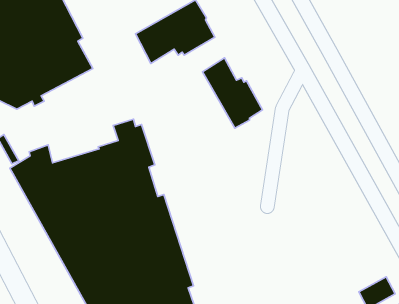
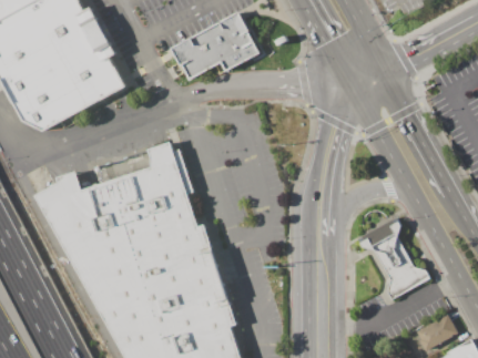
building: [203,58,263,128] -> none
building: none -> [357,217,429,300]

